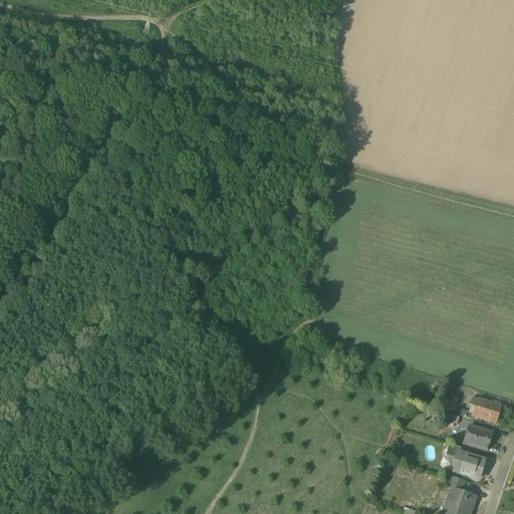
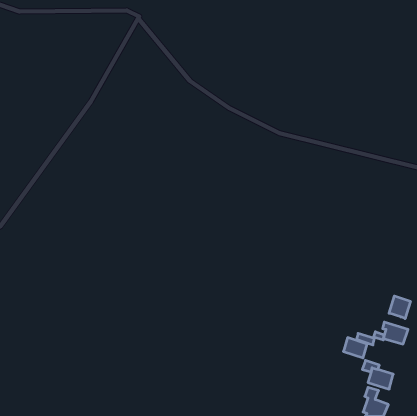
building: none -> [389,296,410,319]
building: [464,425,493,450] -> [343,338,367,358]

